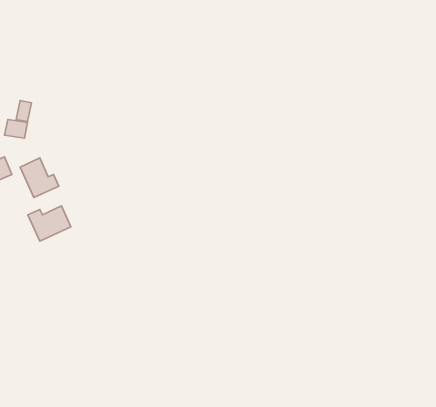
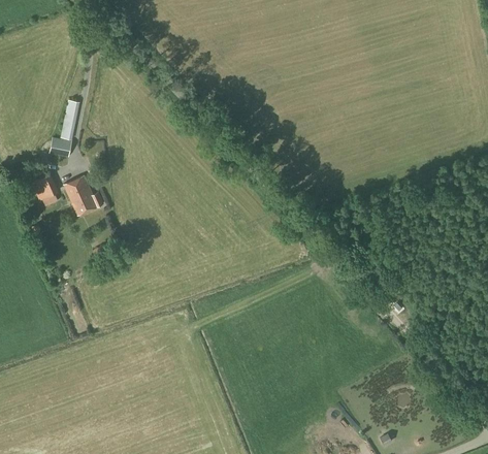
building: [28,206,71,241] -> none

